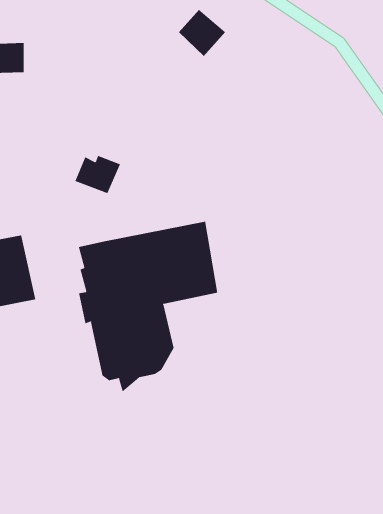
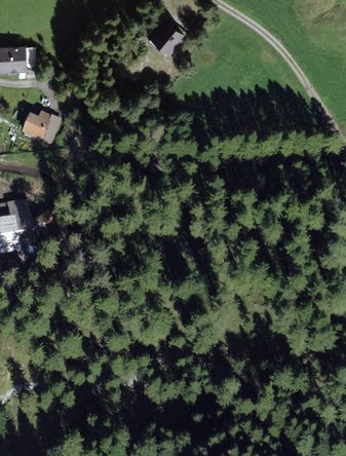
building: [74,155,121,194] -> [23,112,60,143]
building: [78,221,218,393] -> none

